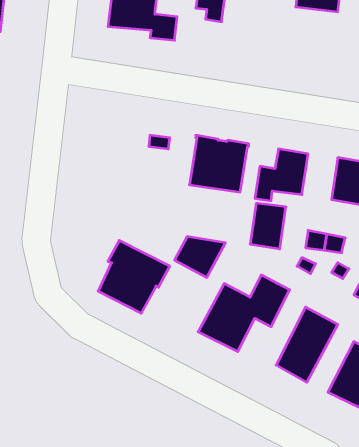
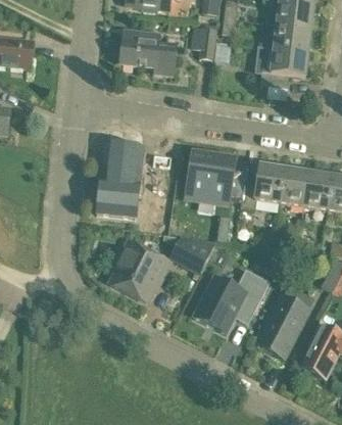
building: none -> [260,47,308,87]
building: none -> [97,143,147,216]
building: [250,203,286,249] -> [279,169,308,206]

